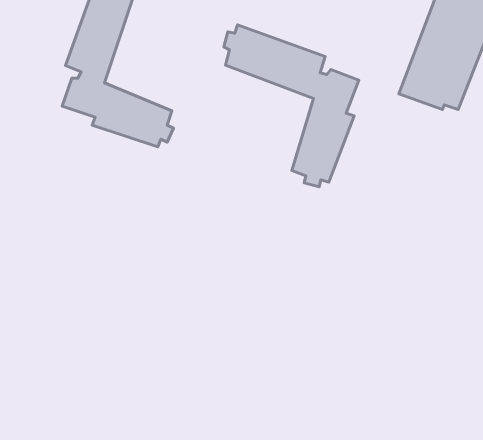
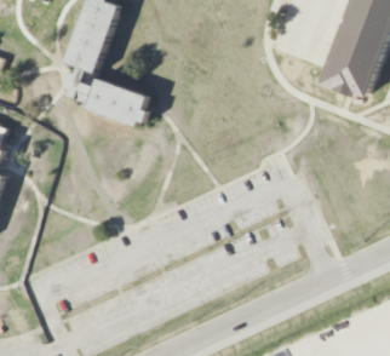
building: [224,25,359,187] -> none

